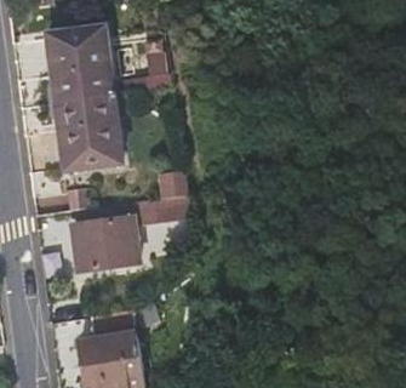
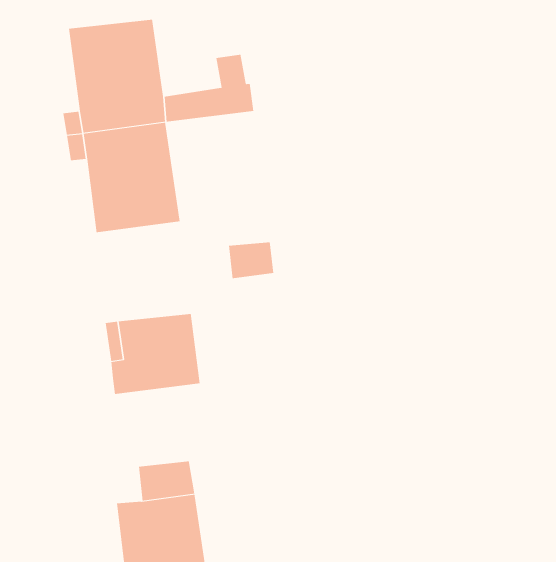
building: [135,195,187,226] -> none

